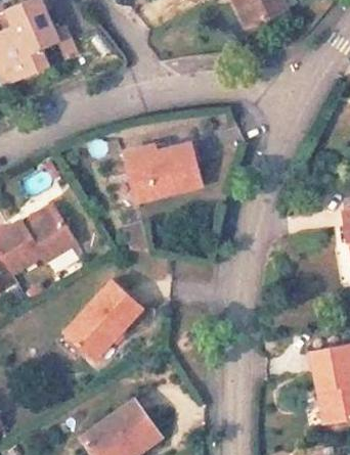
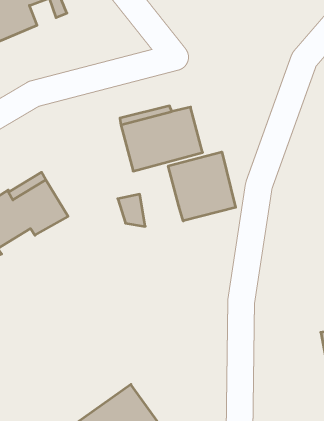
building: none -> [168,152,236,221]
building: [64,280,143,359] -> none

